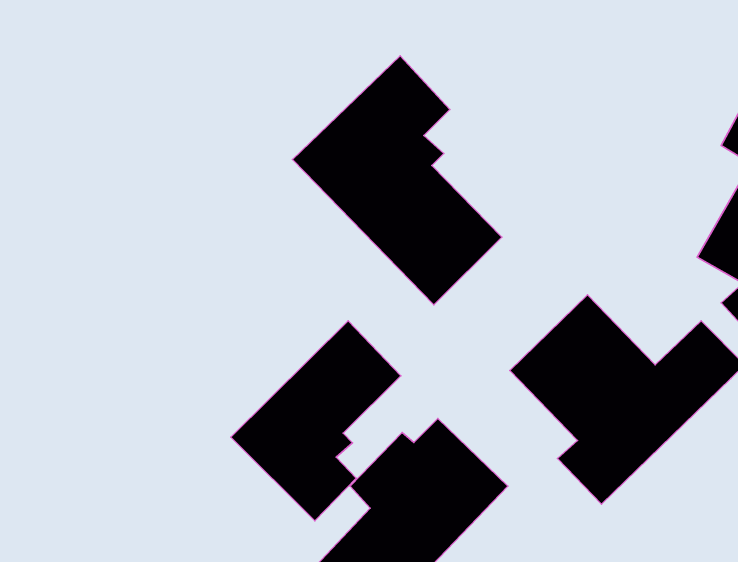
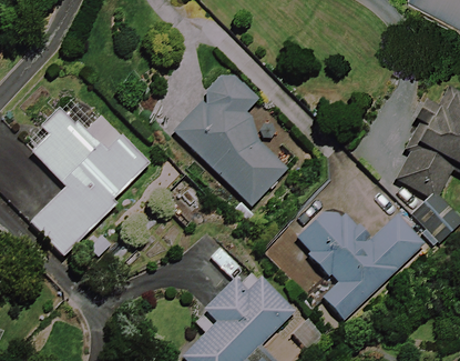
building: none -> [32,111,149,254]
building: [231,321,401,521] -> none

